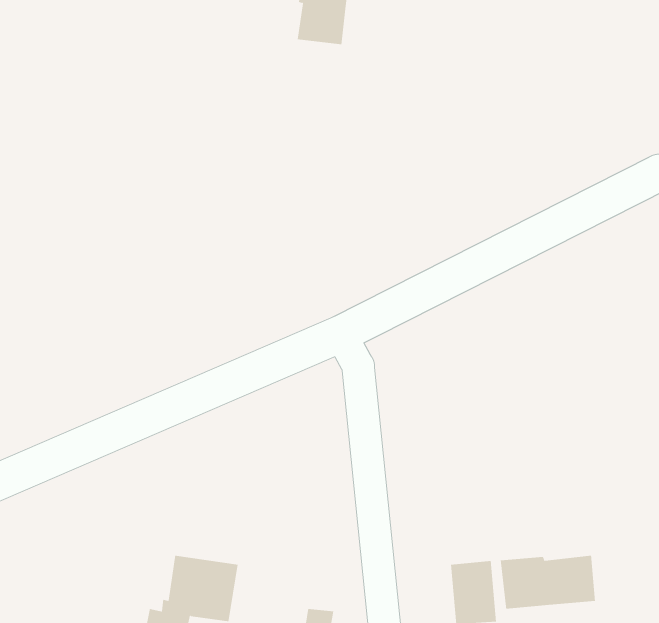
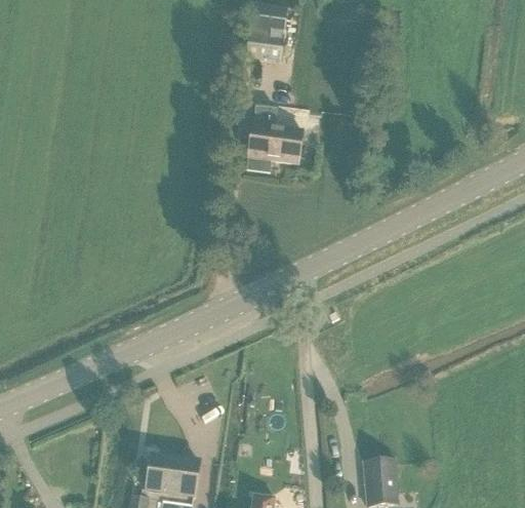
building: none -> [246,107,301,173]
building: [500,555,596,609] -> none

